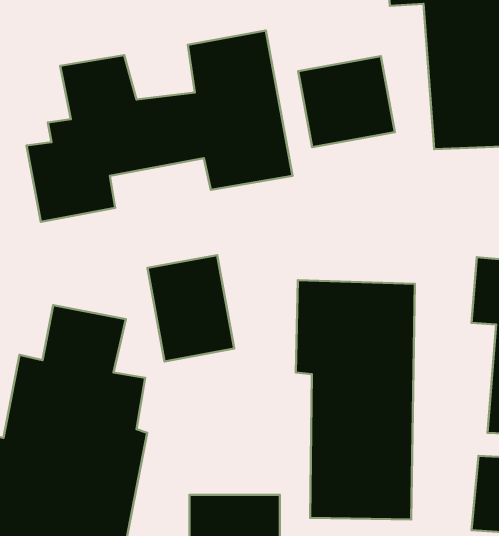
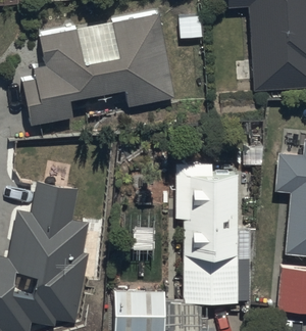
building: [298,56,395,147] -> none
building: [147,255,234,361] -> none

